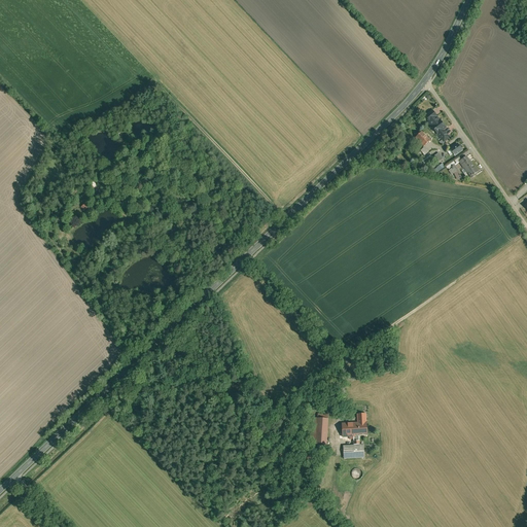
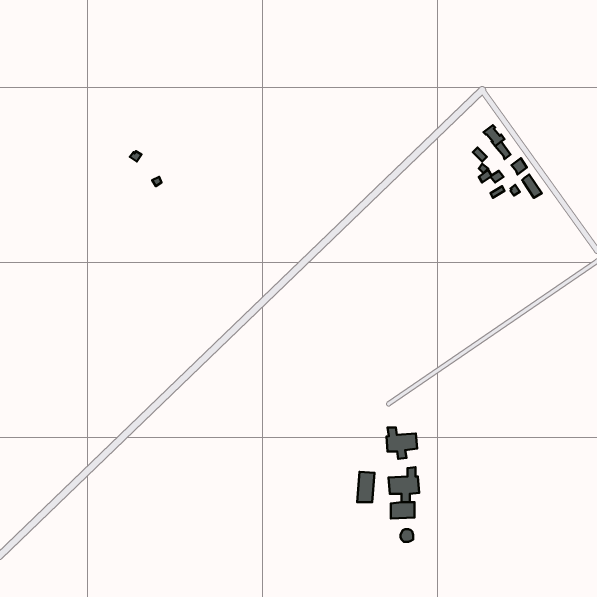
building: none -> [386,427,417,459]

